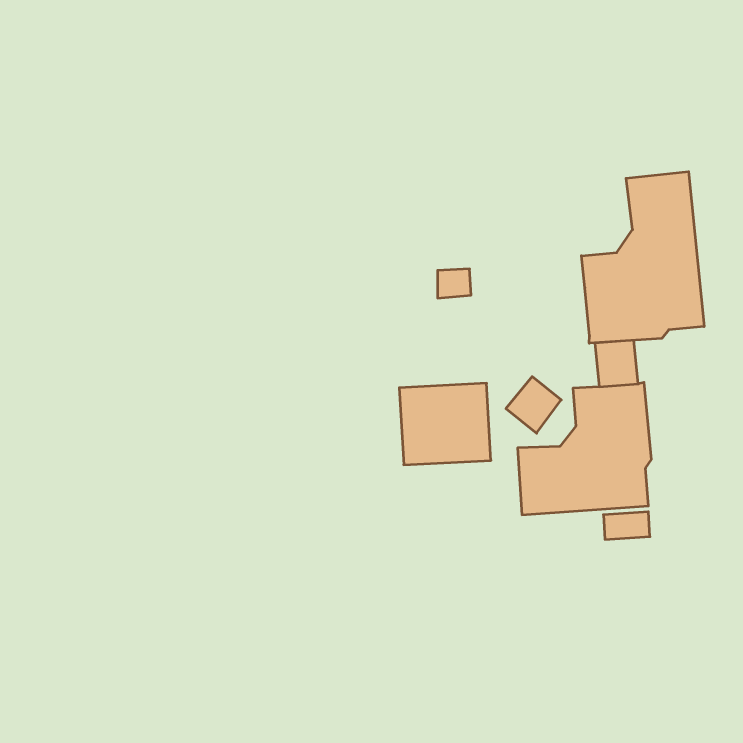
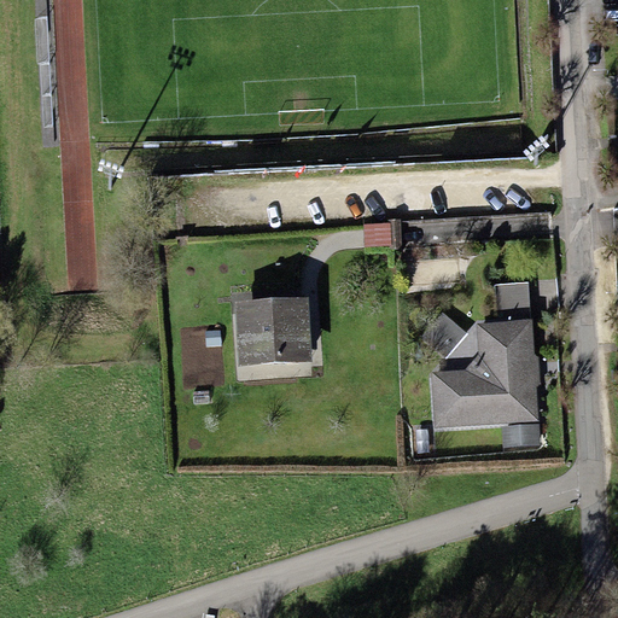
building: [581,172,704,343] -> none
building: [399,383,491,465] -> [234,298,310,366]

